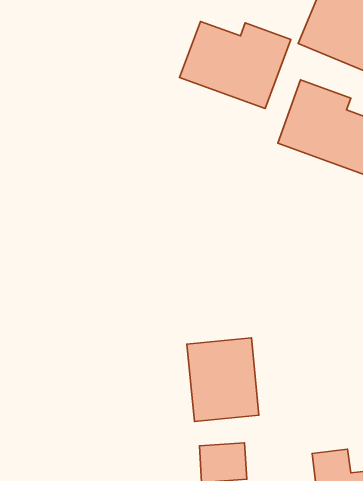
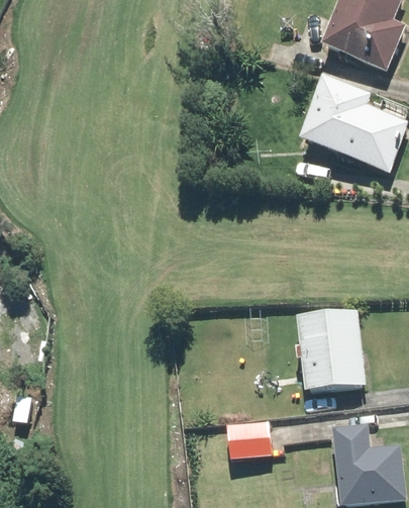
building: [180,21,291,109] -> none
building: [187,338,259,422] -> [297,310,365,389]

